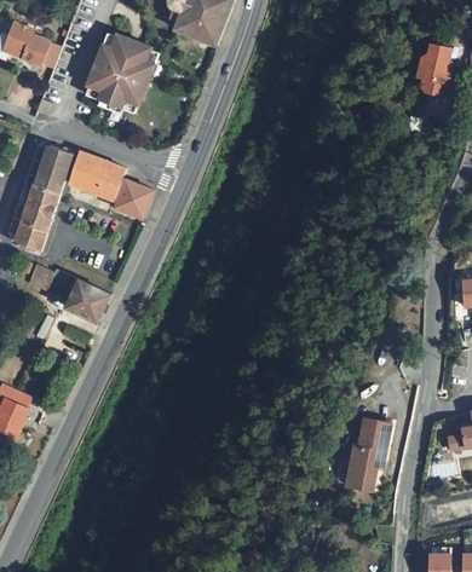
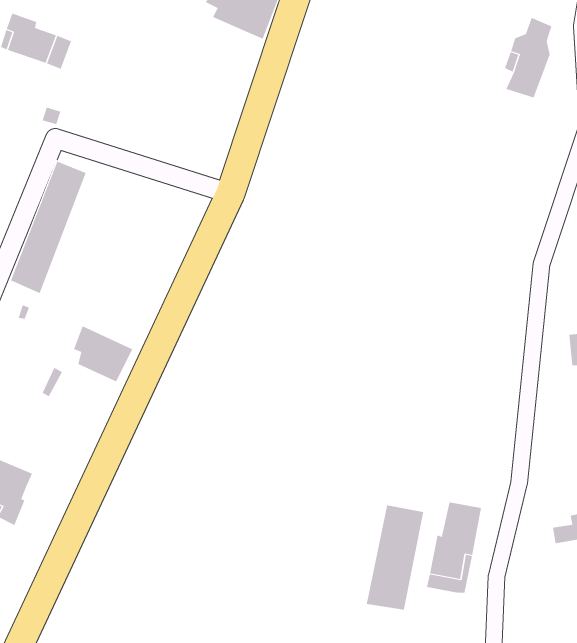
building: [87,30,160,110] -> none
building: [67,149,152,218] -> none
building: [25,264,65,289] -> none
building: none -> [366,504,424,611]

